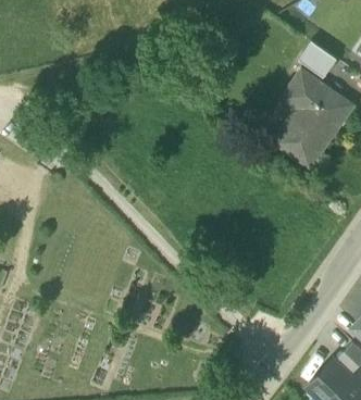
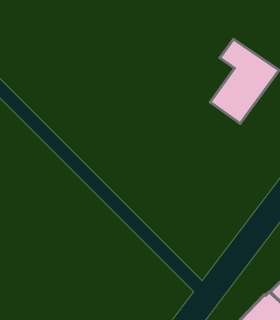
building: [299,42,336,77] -> none

